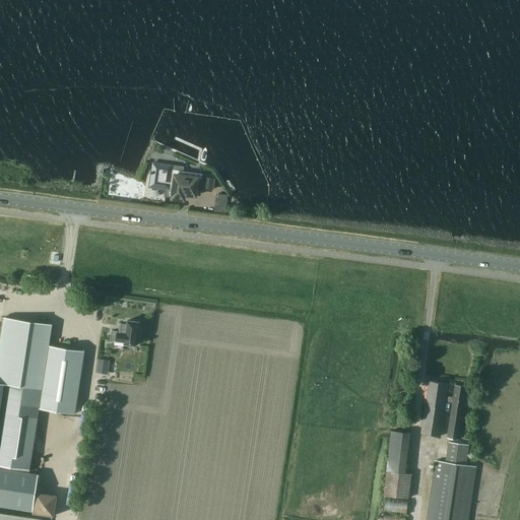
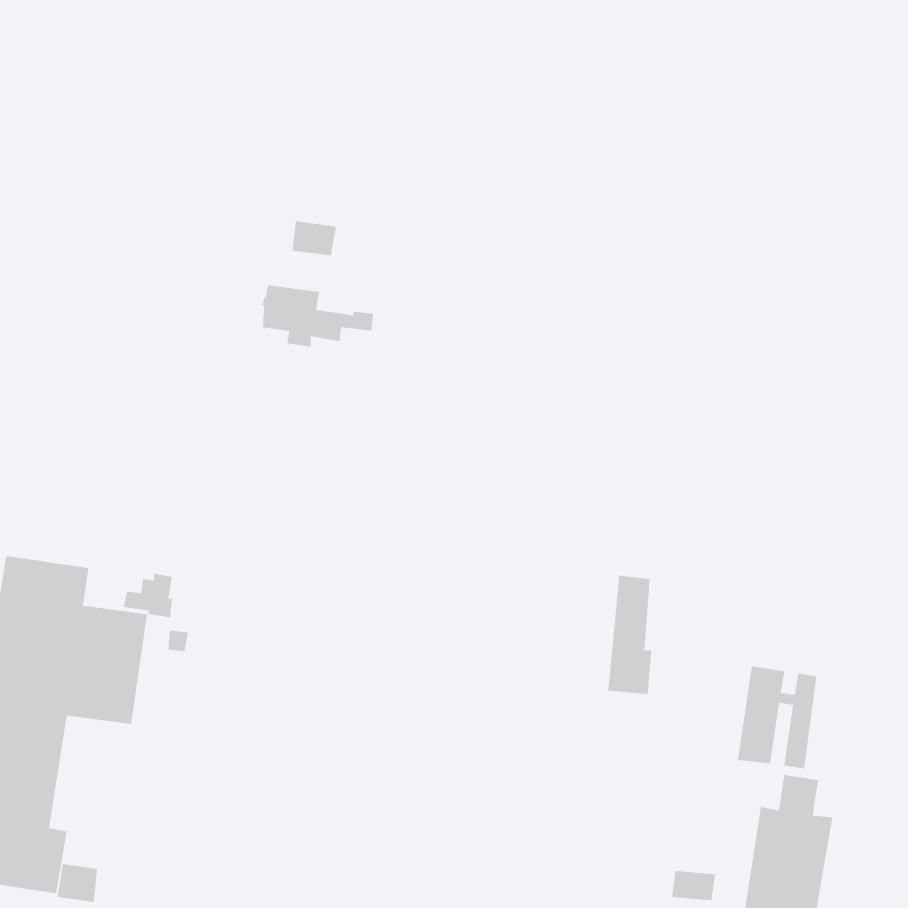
building: none -> [292,221,337,256]
building: [110,321,138,346] -> [123,573,173,618]
building: [386,430,411,498] -> [608,575,652,694]

